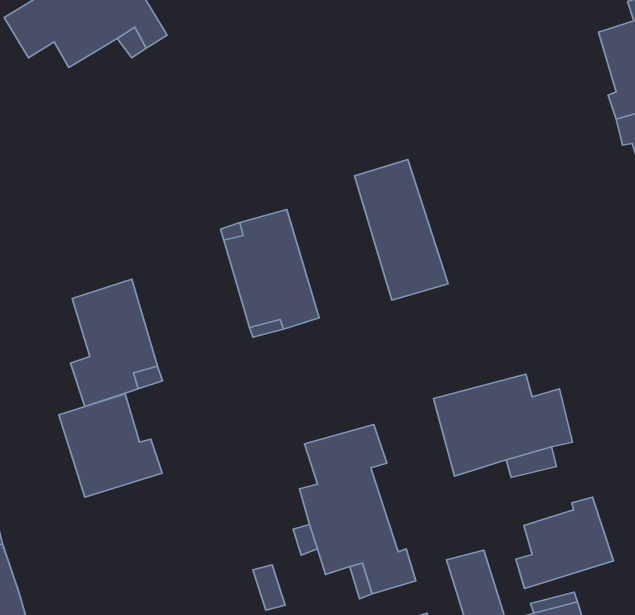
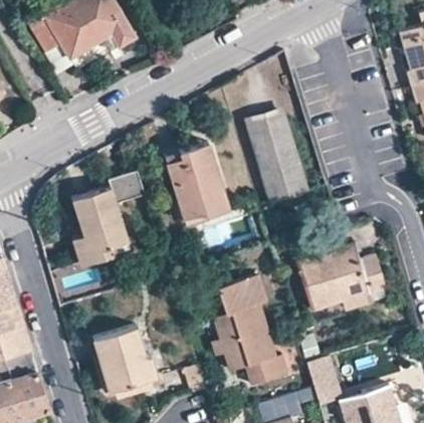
building: none -> [107,172,145,205]
building: [59,394,162,497] -> [93,328,158,392]
building: [516,497,613,588] -> none

